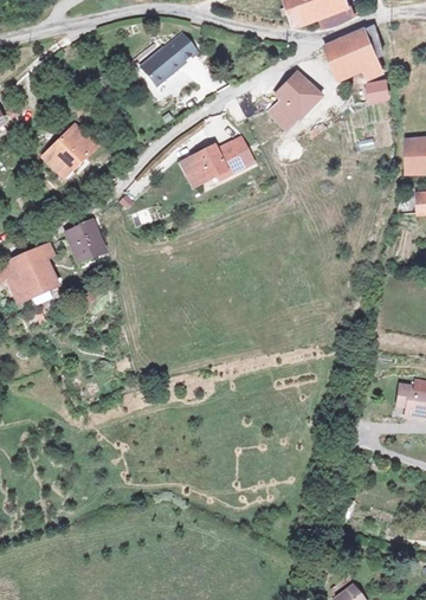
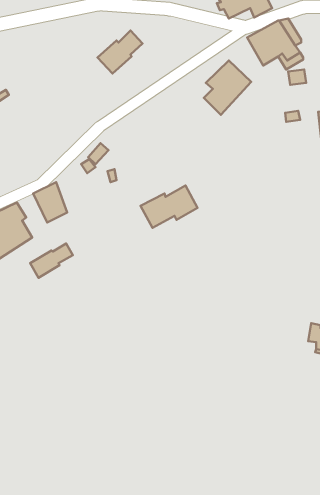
building: [45,127,101,182] -> none
building: [180,137,247,187] -> [140,186,198,228]
building: none -> [30,244,73,278]

